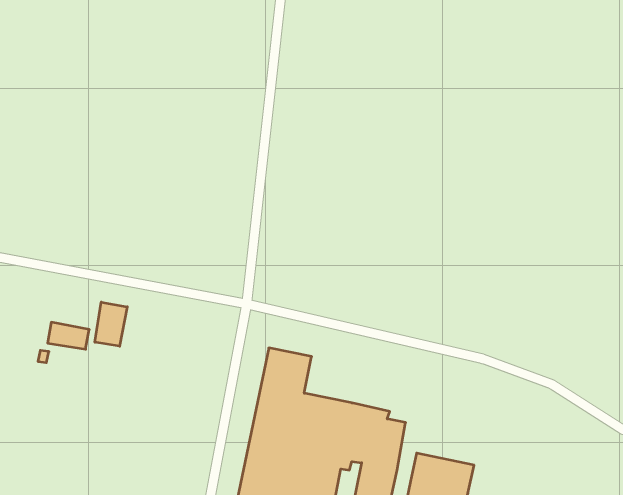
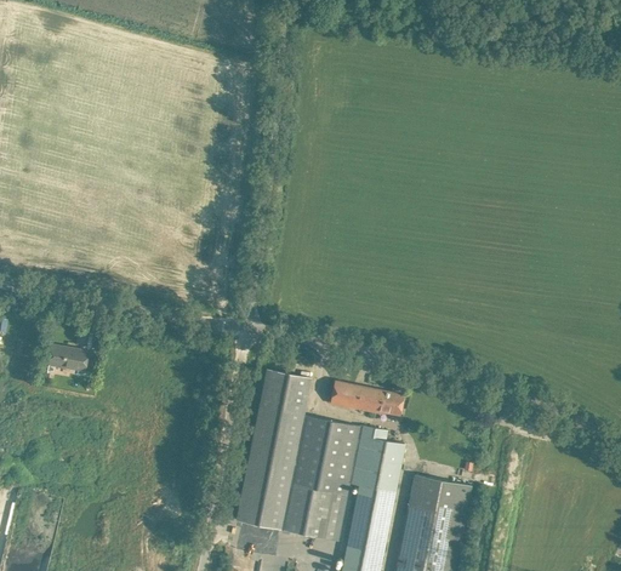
building: [95,302,127,346] -> none
building: none -> [330,381,404,416]

